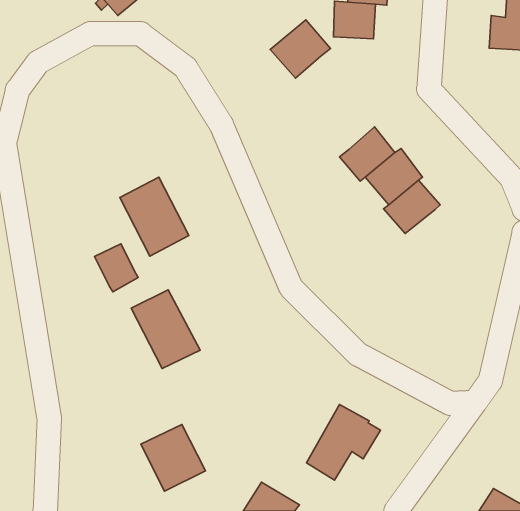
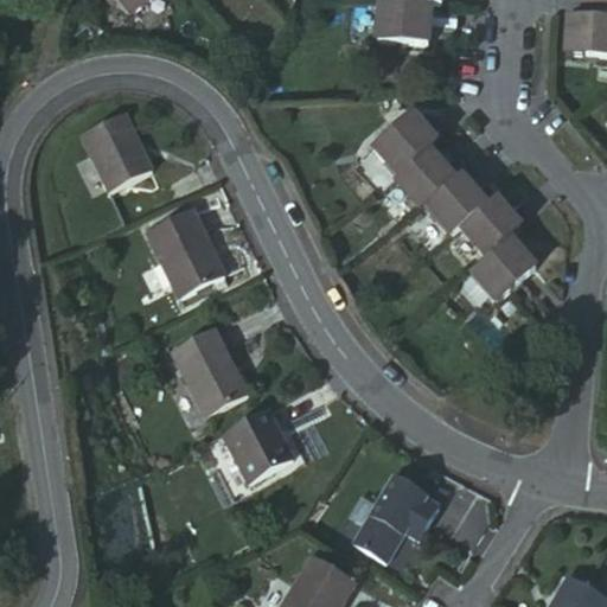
building: [270,20,331,78] -> [378,106,448,173]
building: none -> [78,107,152,189]
building: none -> [461,243,533,314]
building: [94,244,138,292] -> none
building: [141,425,205,491] -> [222,407,296,484]

